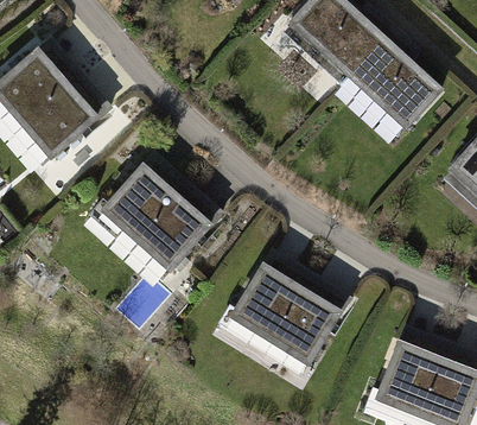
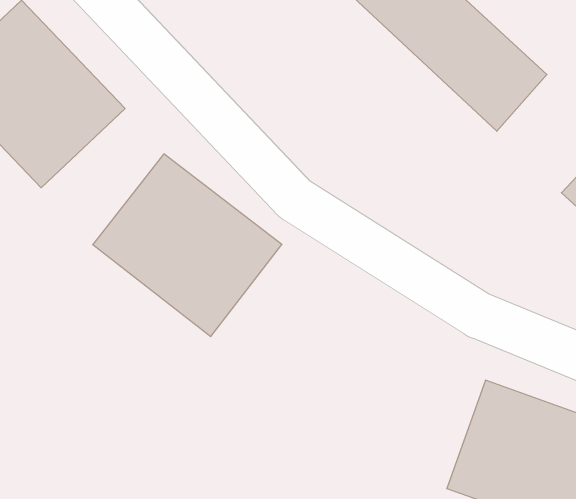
building: [211,245,350,376] -> none

